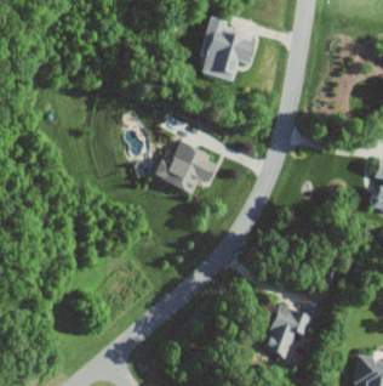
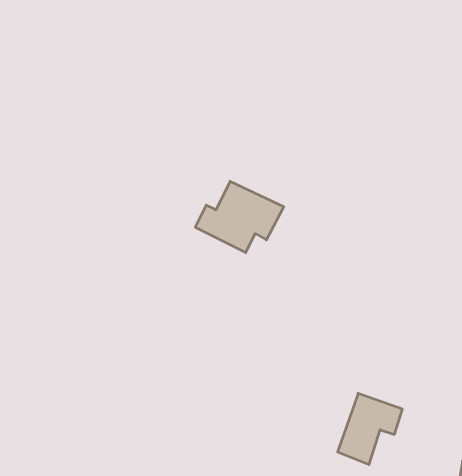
building: [201,16,256,80] -> none

